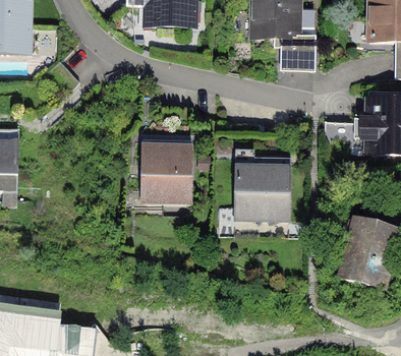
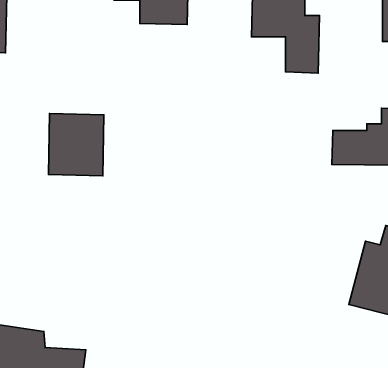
building: [141,142,191,198] -> [48,114,104,176]
building: [235,160,290,221] -> none

